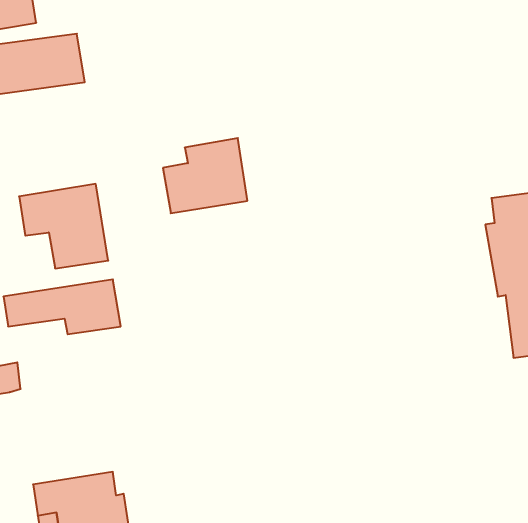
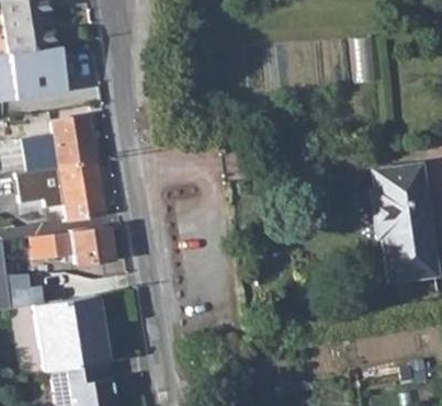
building: [163,138,247,213] -> [36,115,95,168]
building: none -> [35,294,107,371]

